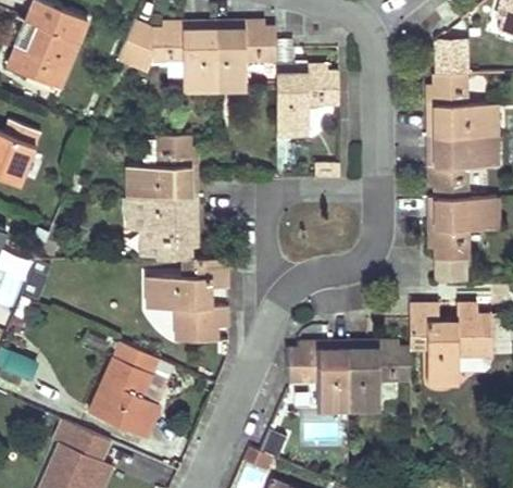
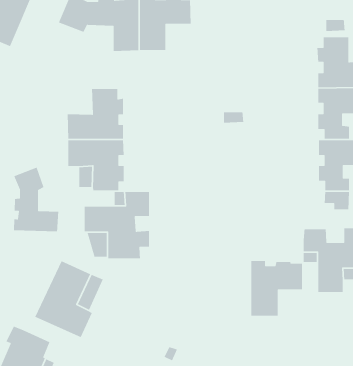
building: [277,68,338,137] -> none
building: none -> [13,166,59,232]
building: [287,343,348,411] -> none

